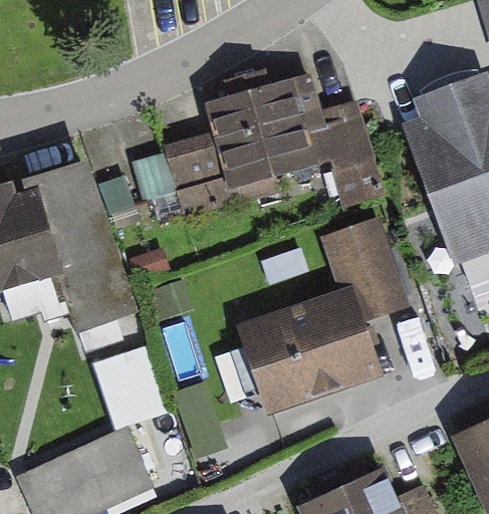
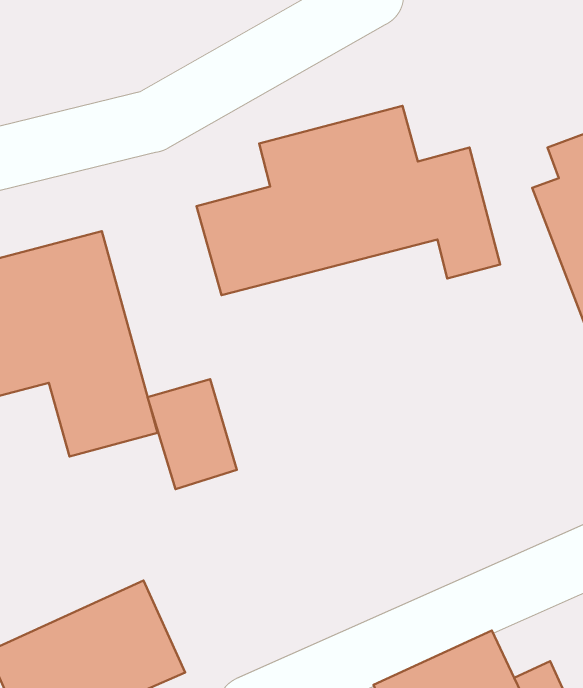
building: [240,224,403,413] -> none
building: [92,347,157,427] -> [148,379,237,489]

